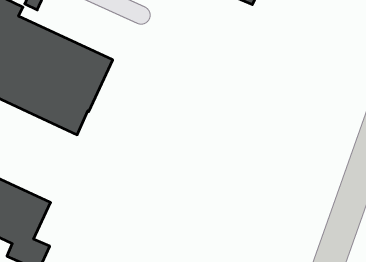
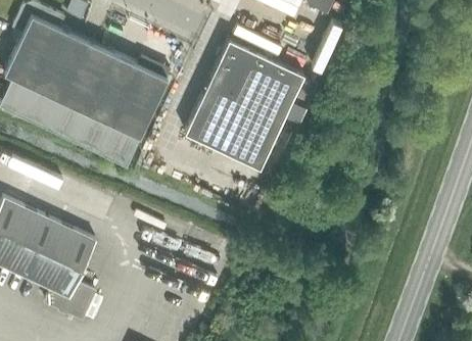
building: none -> [186,41,304,169]

